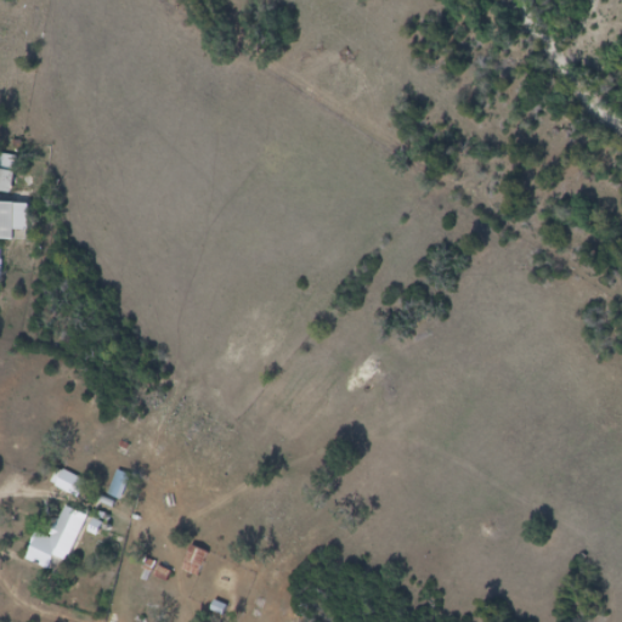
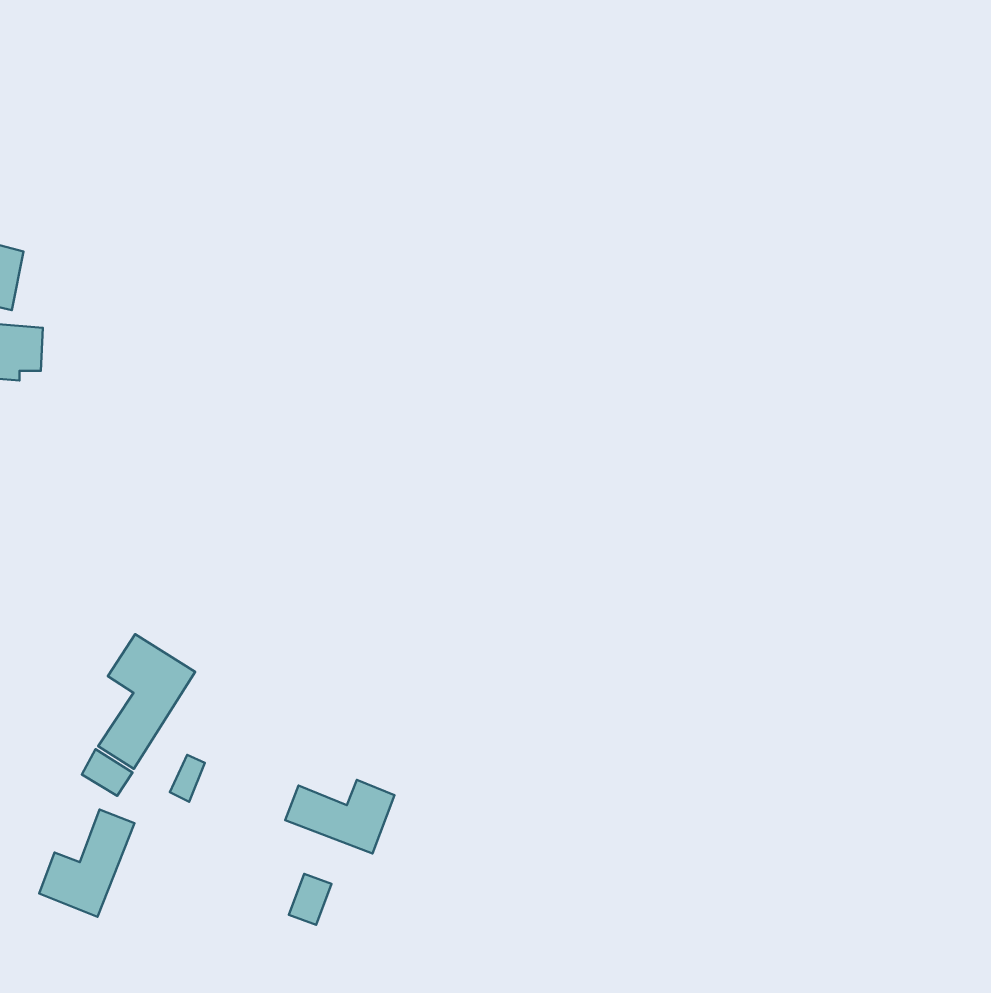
building: none -> [98,634,195,769]
building: none -> [285,780,395,854]

